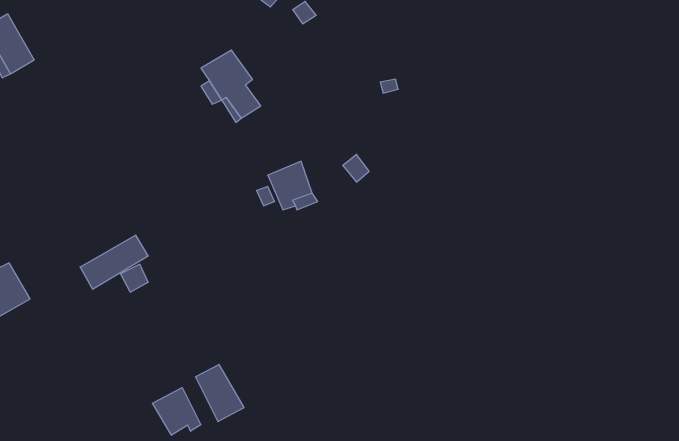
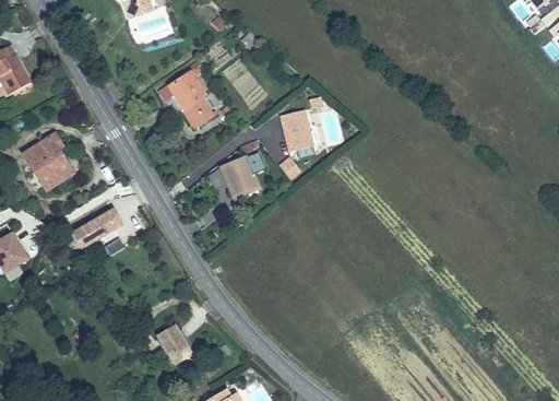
building: none -> [277,103,310,145]
building: none -> [24,128,75,185]
building: [152,388,201,435] -> none

